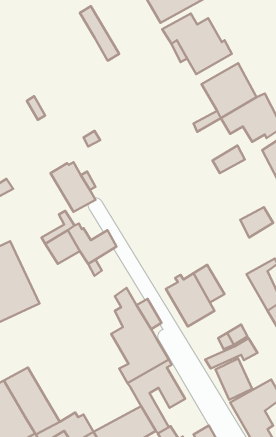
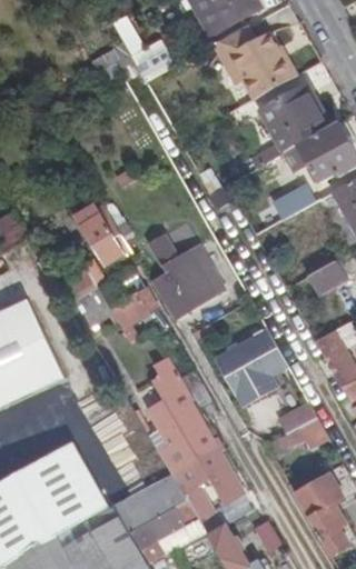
building: none -> [149,236,215,319]
building: none -> [48,443,106,520]
building: none -> [116,478,186,532]

